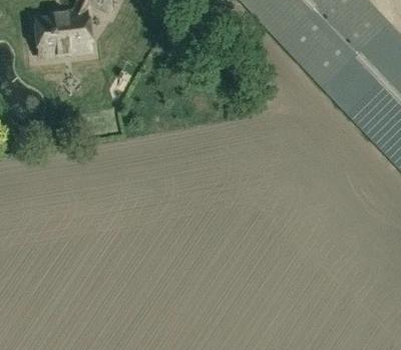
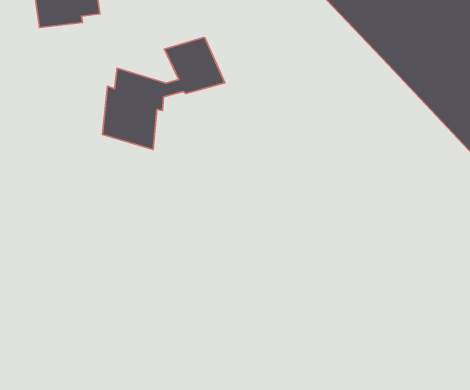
building: none -> [103,37,225,150]

